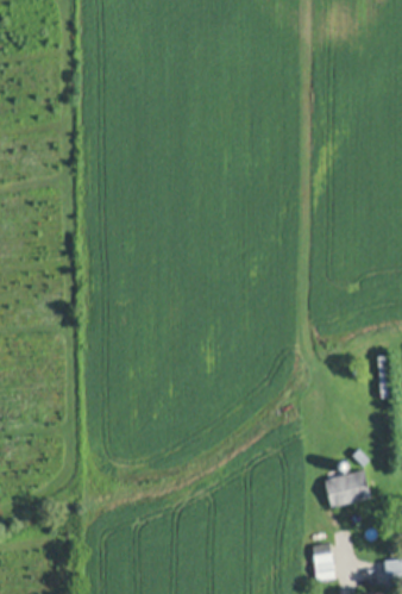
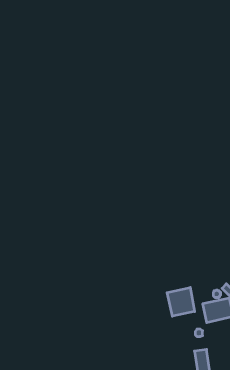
building: none -> [167,287,195,316]

